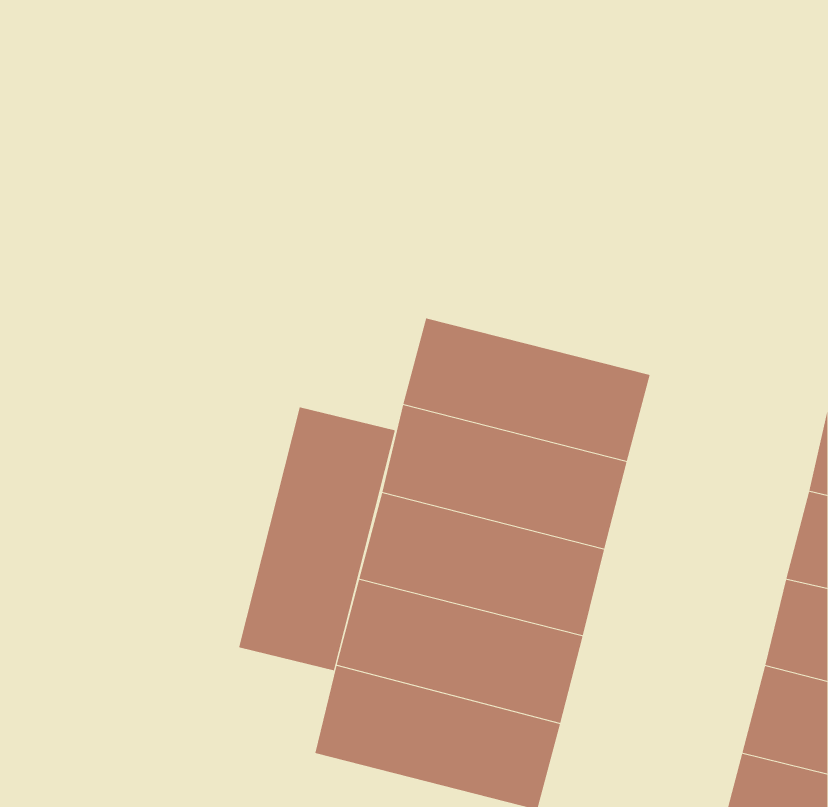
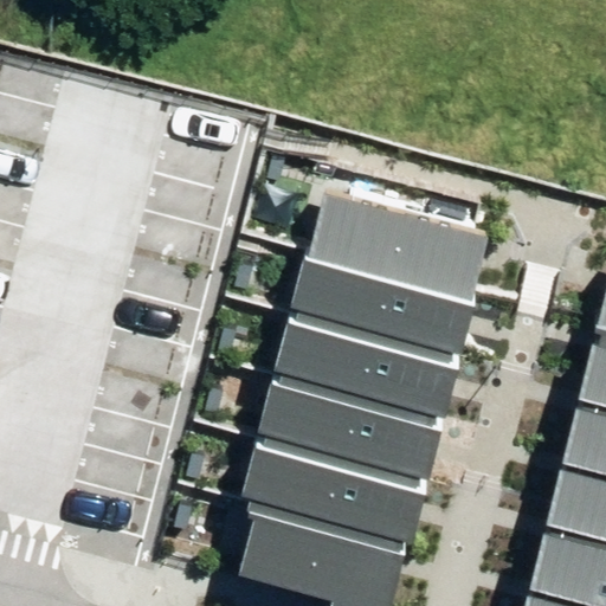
building: none -> [309,186,489,291]
building: [238,407,395,671] -> none

